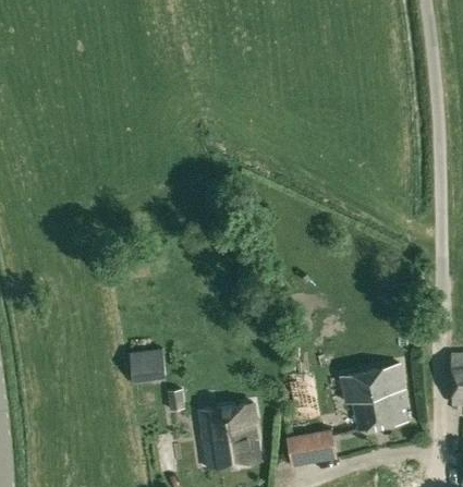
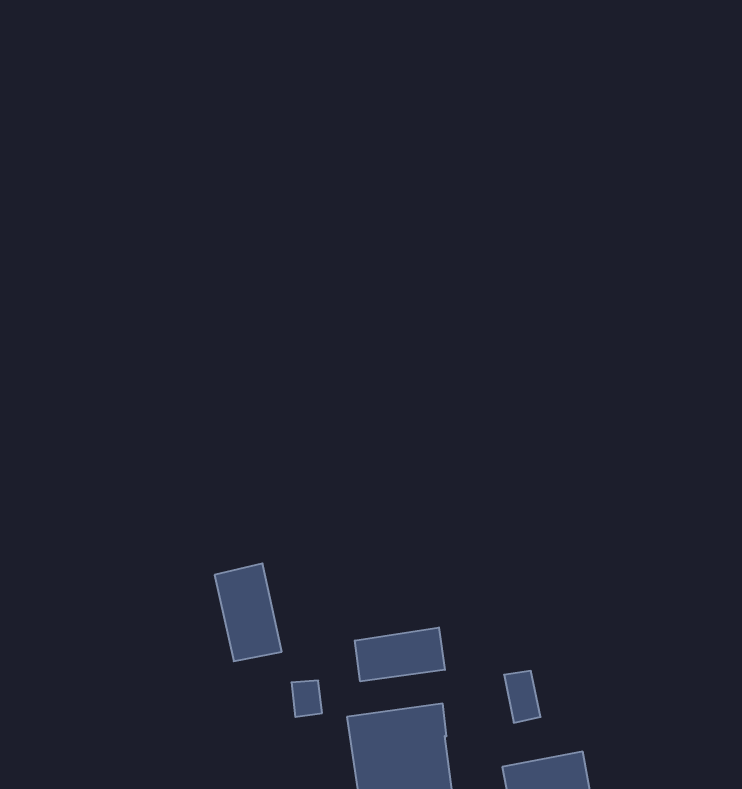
building: none -> [355,627,445,681]
building: [341,364,411,430] -> none

